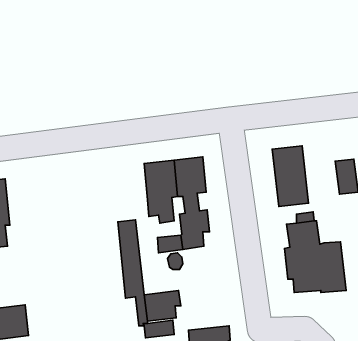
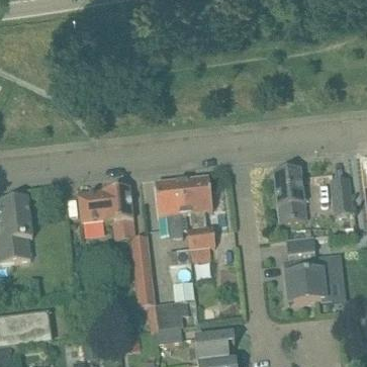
building: none -> [78,185,136,237]

